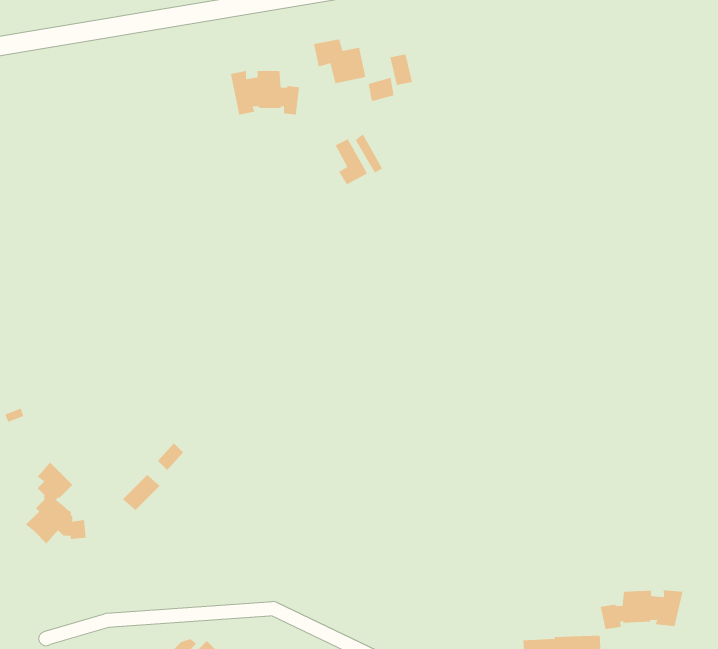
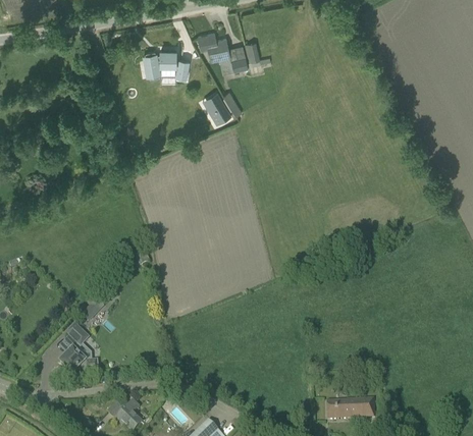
building: [25,462,86,545] -> [58,323,96,374]
building: [600,589,683,630] -> none

